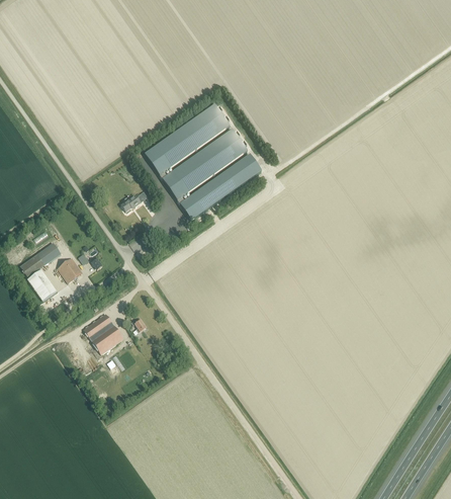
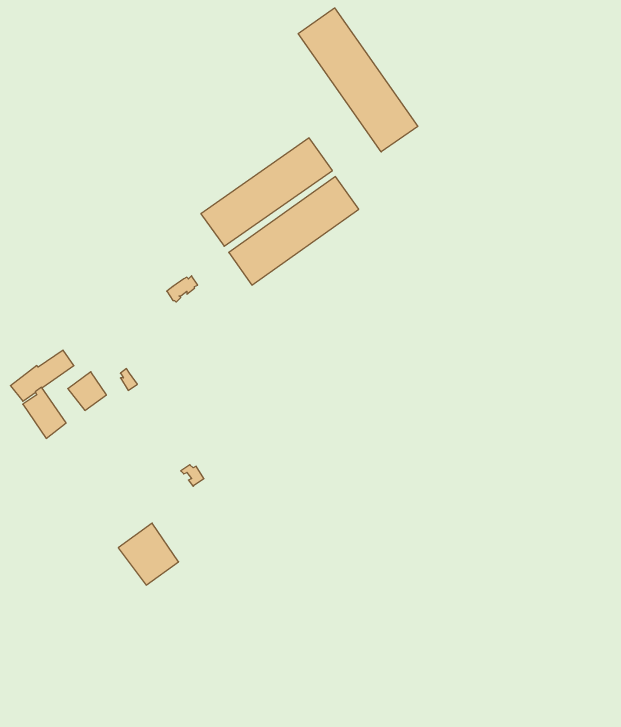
building: none -> [298,8,418,152]
building: [179,153,261,220] -> none
building: [83,312,122,352] -> [118,523,179,585]

